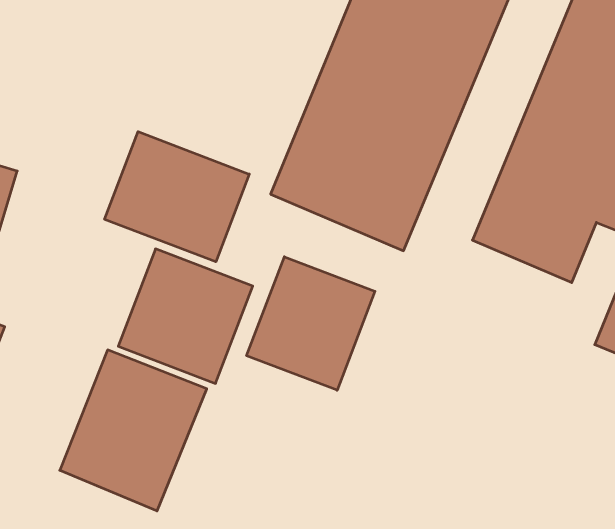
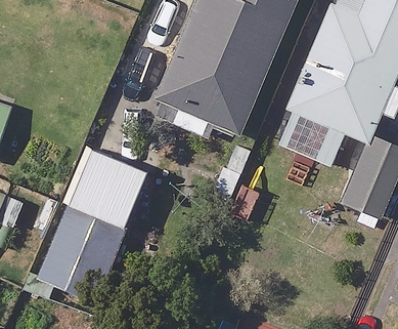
building: [105,132,249,262] -> none
building: [247,257,375,390] -> none

